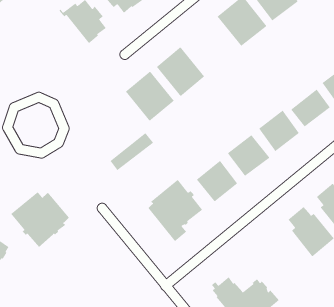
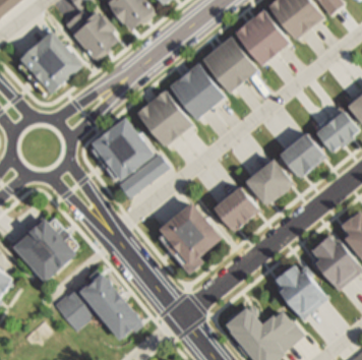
building: none -> [19,34,82,96]
building: none -> [200,36,256,93]
building: none -> [89,121,153,183]
building: none -> [274,264,325,318]
building: none -> [55,272,142,338]

